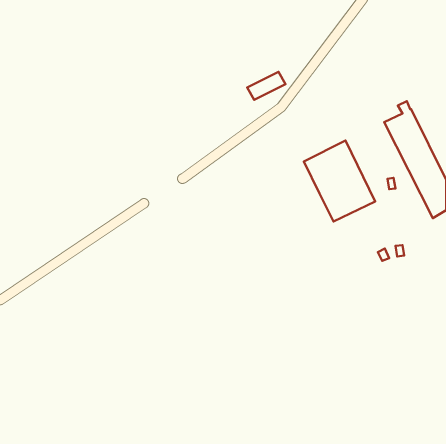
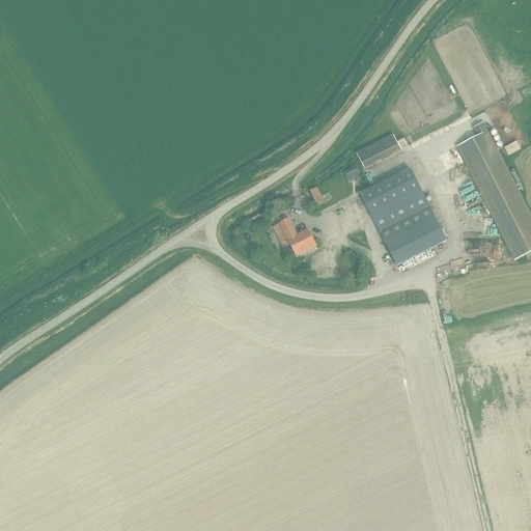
building: [247,72,285,100] -> [356,134,401,167]
building: none -> [275,217,317,255]

